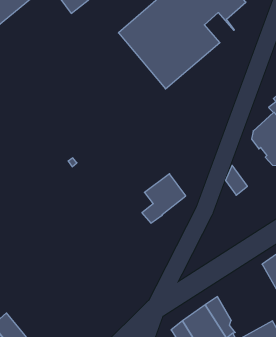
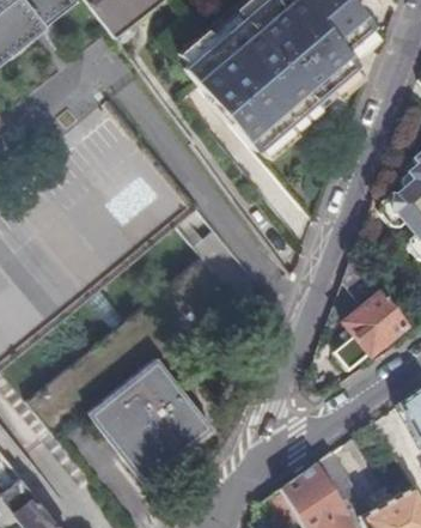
building: [142,174,186,223] -> [341,296,405,369]
building: none -> [91,354,215,480]

